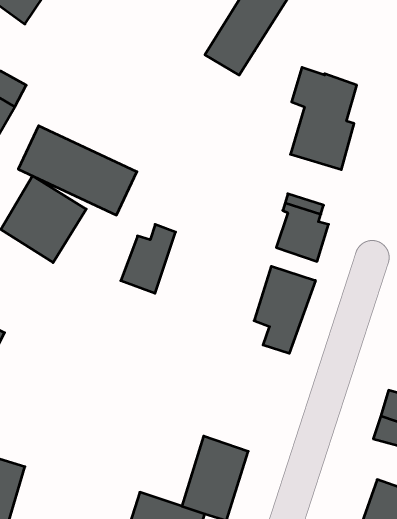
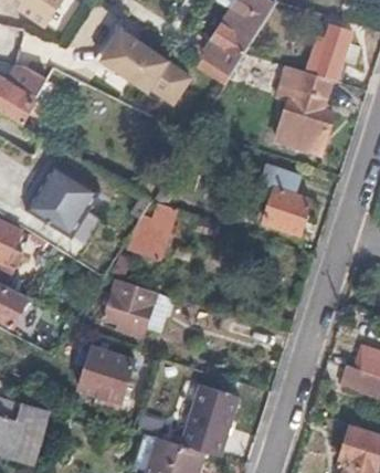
building: none -> [305,24,350,83]
building: [18,126,137,215] -> [87,29,190,106]
building: [254,266,315,353] -> none
building: none -> [105,277,155,338]
building: none -> [78,347,133,410]

